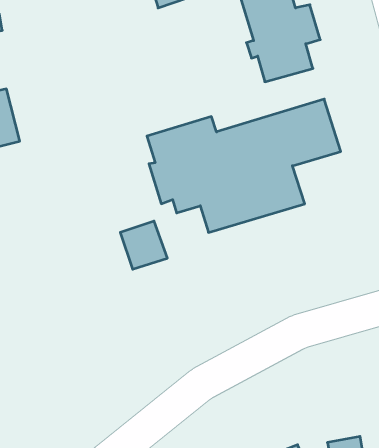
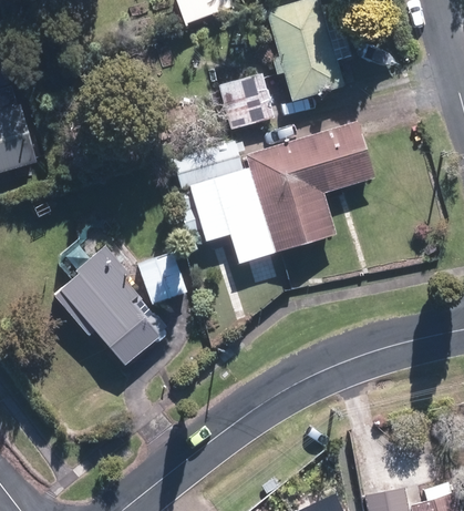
building: none -> [219,74,274,131]
building: none -> [58,247,168,365]

